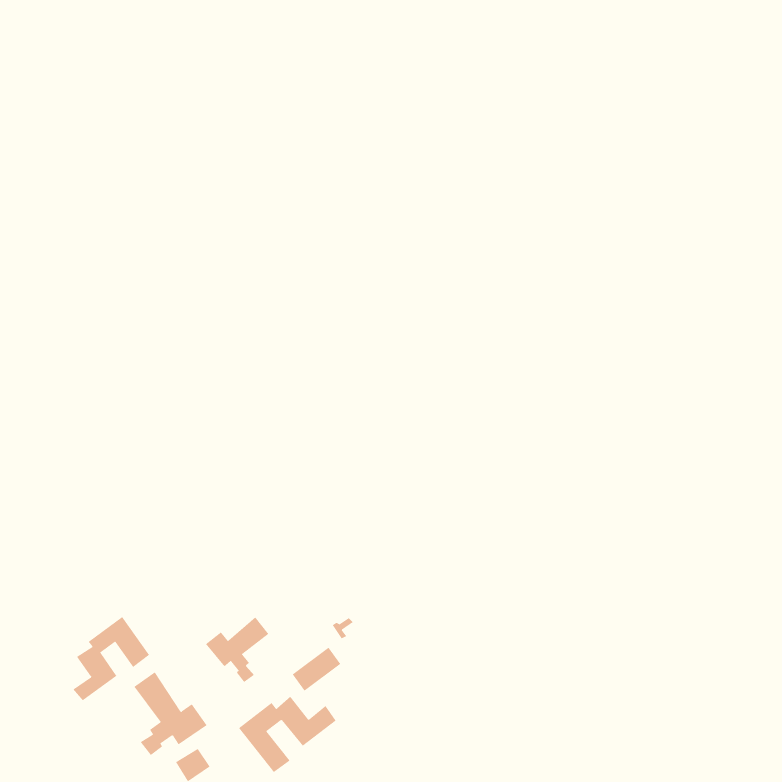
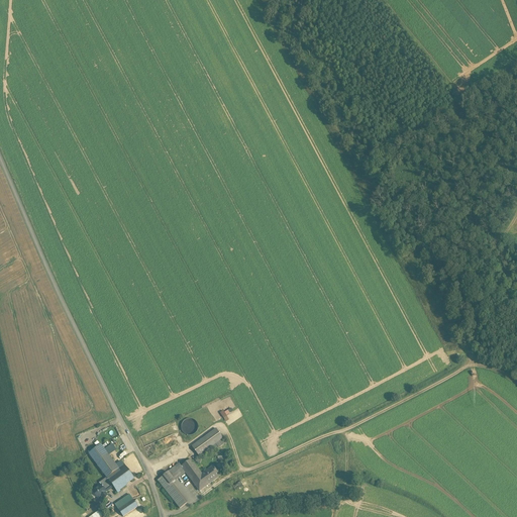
building: [73,616,150,701] -> none
building: [205,617,269,683] -> none

